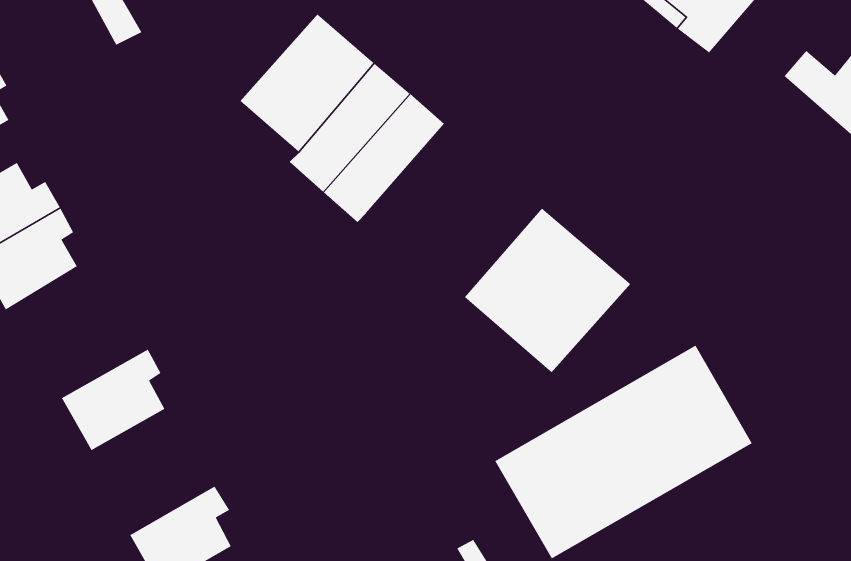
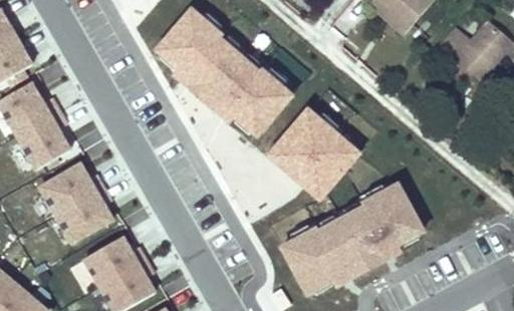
building: none -> [223,67,293,139]
building: none -> [46,162,107,212]
building: none -> [81,234,143,284]

